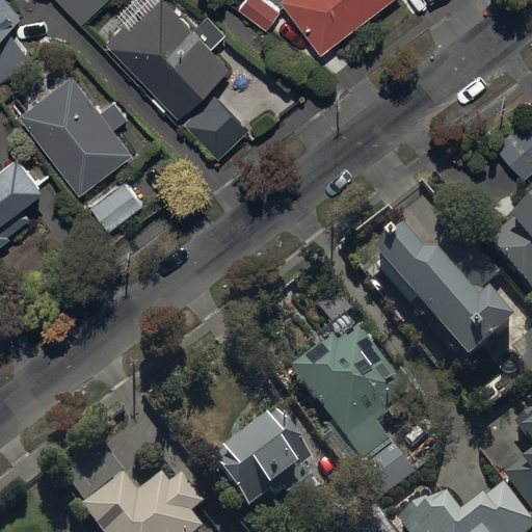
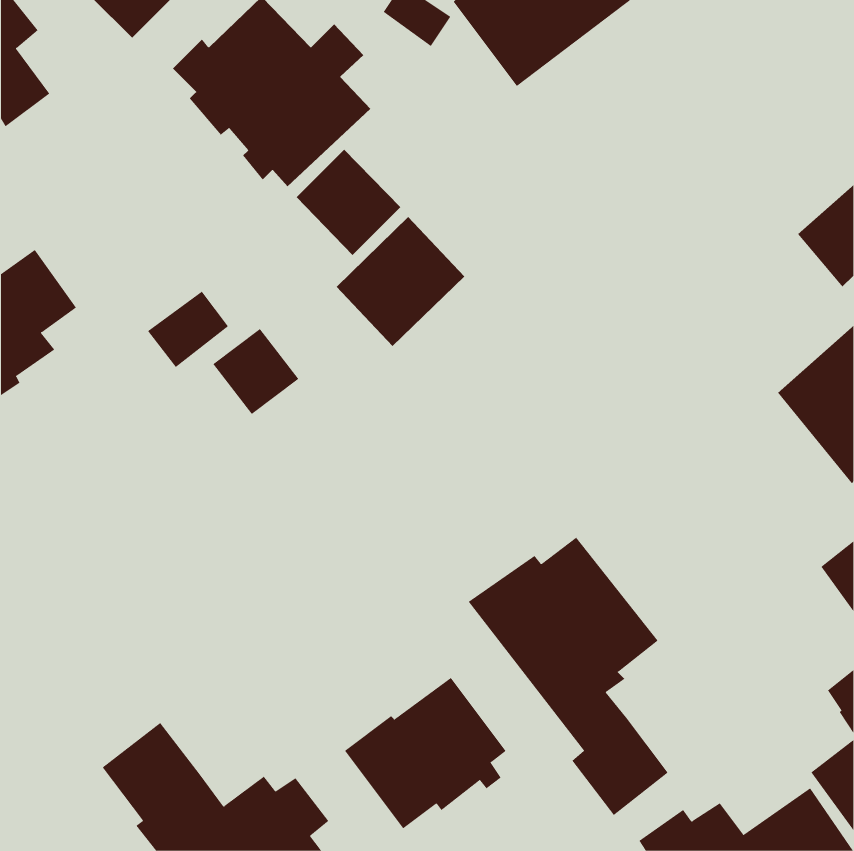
building: [21,76,134,194] -> none
building: none -> [336,216,465,347]
building: none -> [213,328,299,415]
building: [376,243,515,375] -> none

